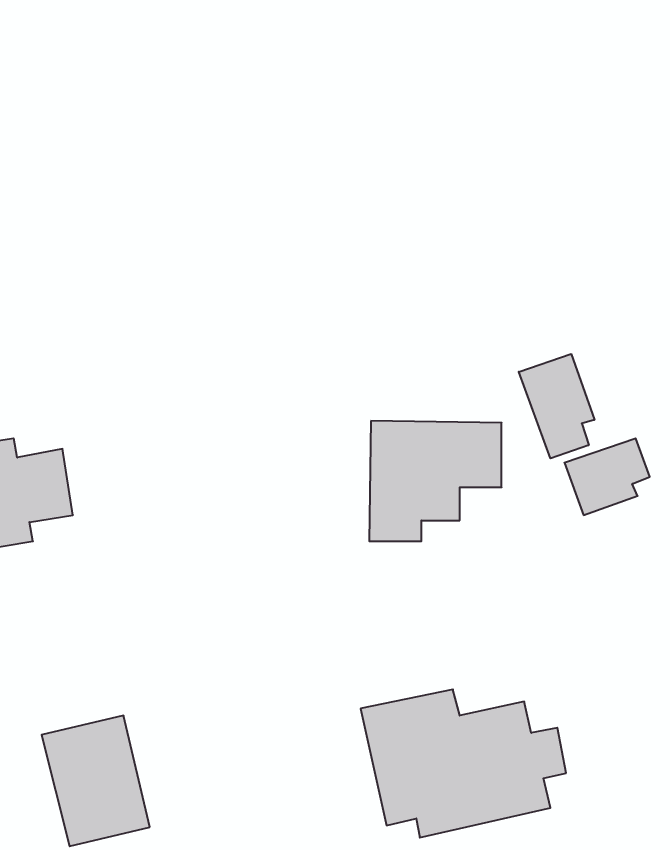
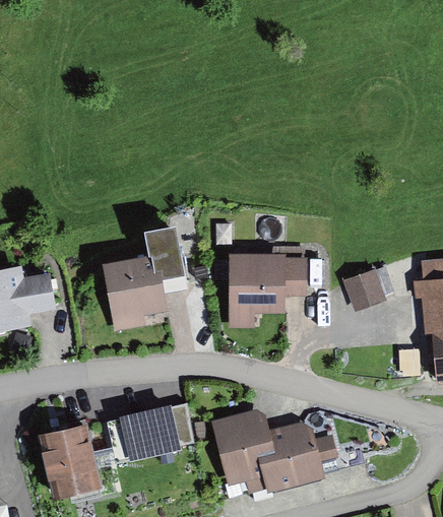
building: [519,354,594,458] -> none
building: none -> [102,227,185,329]
building: none -> [119,401,196,457]

